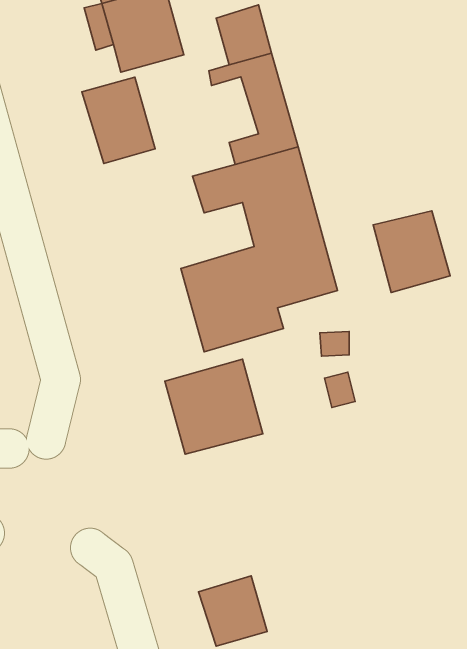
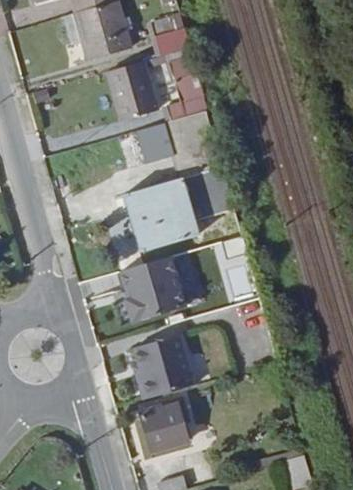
building: [82,77,155,164] -> [106,61,156,120]
building: [373,211,450,292] -> none
building: none -> [134,335,194,400]

